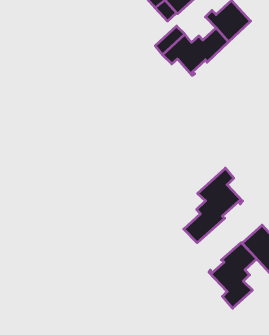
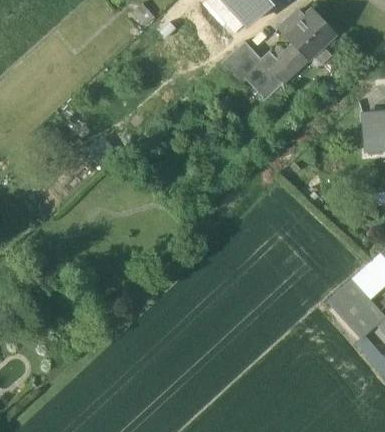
building: [184,168,243,243] -> none
building: [209,243,257,308] -> none

